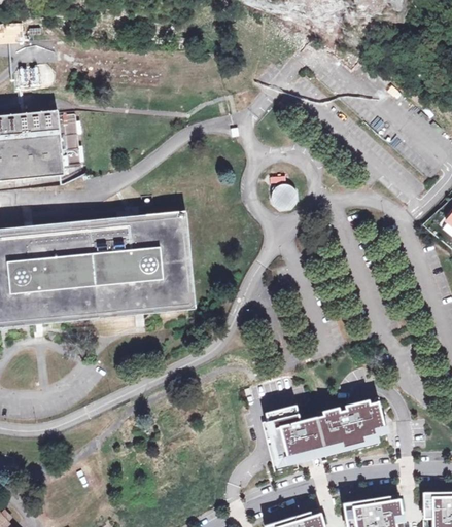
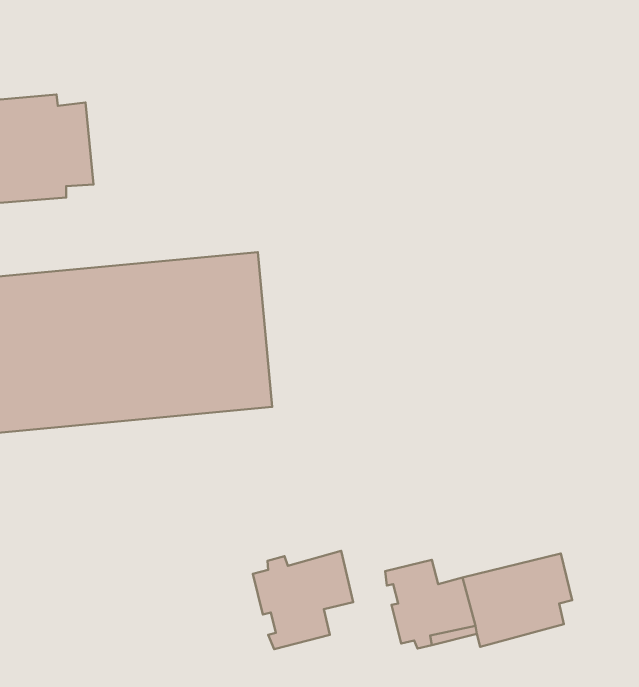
building: [270,178,293,211] -> none
building: none -> [253,551,353,649]

